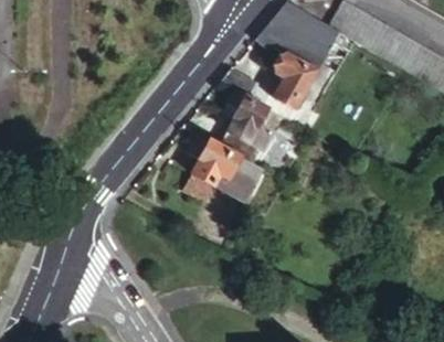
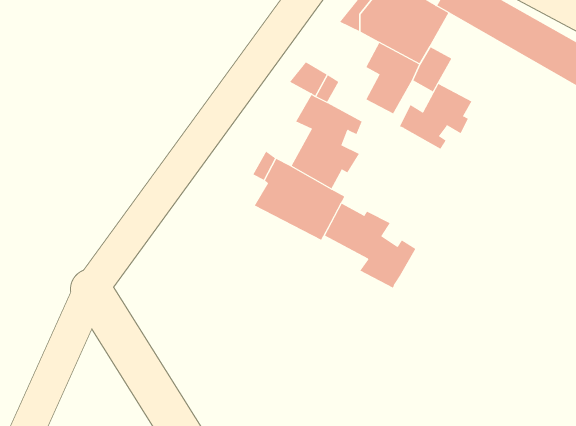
building: none -> [399,83,472,149]
building: none -> [324,203,416,288]

